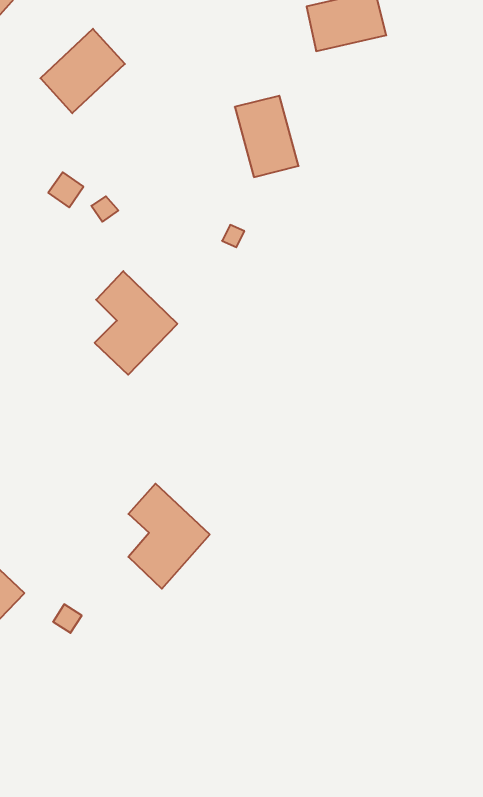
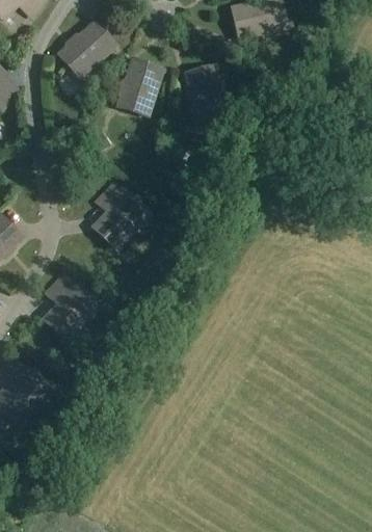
building: none -> [117,60,160,114]
building: [128,484,210,589] -> [45,271,98,340]

